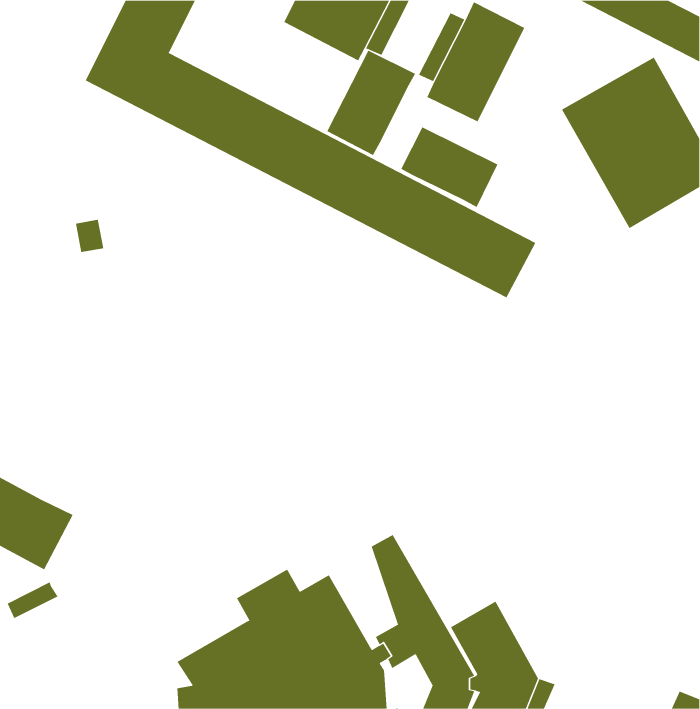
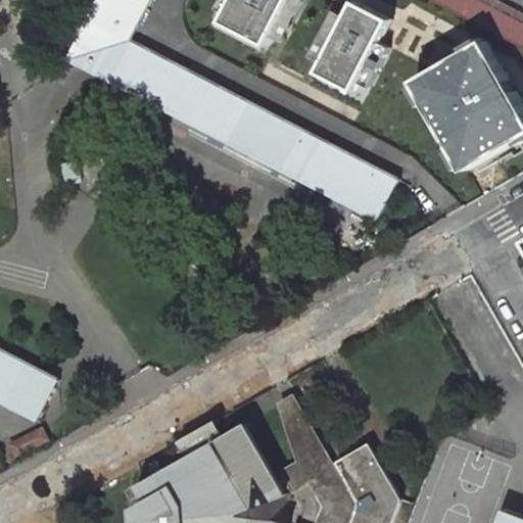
building: [326,50,416,156] -> none
building: [400,126,498,208] -> none

